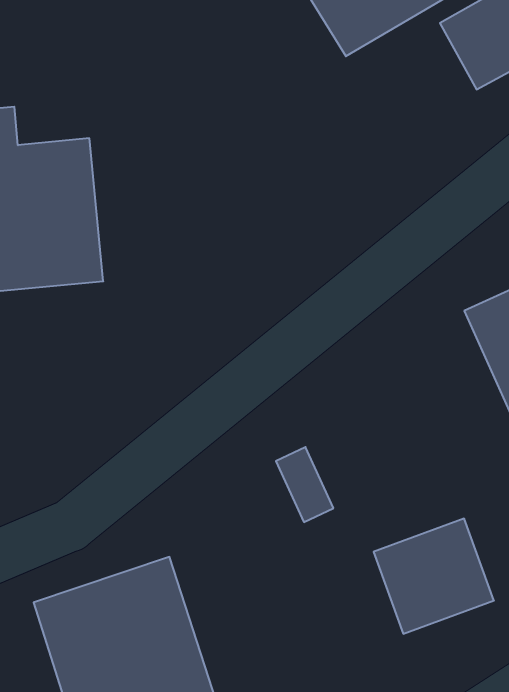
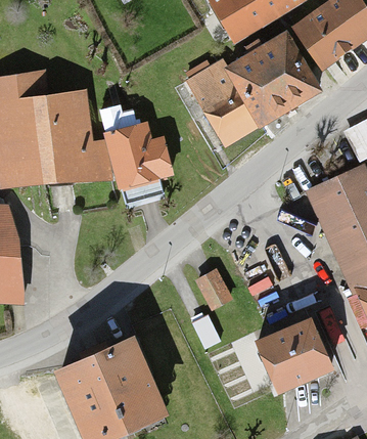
building: none -> [189,31,318,142]
building: none -> [103,117,168,186]

